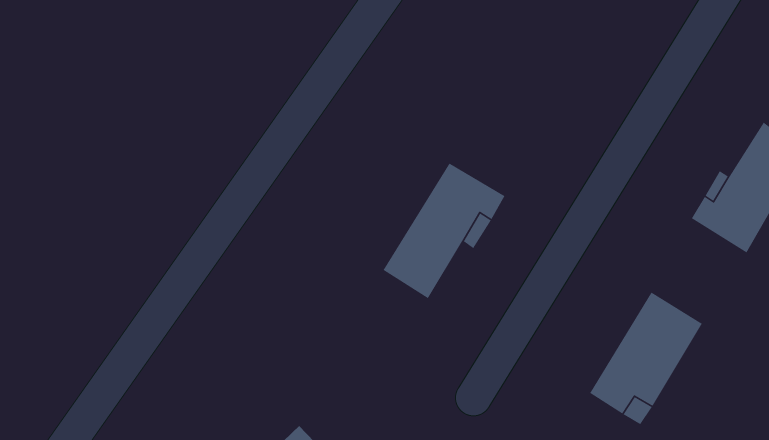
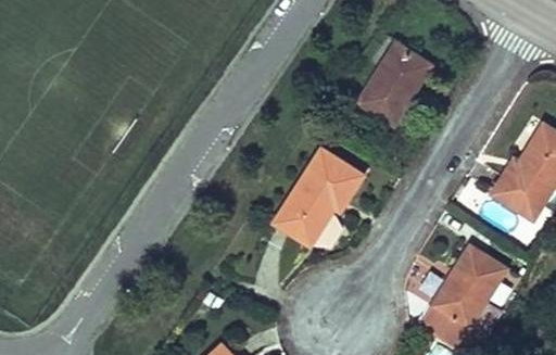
building: none -> [358,43,432,127]

